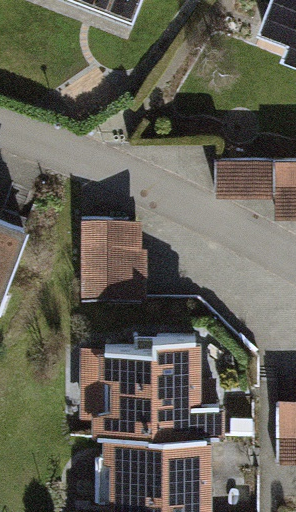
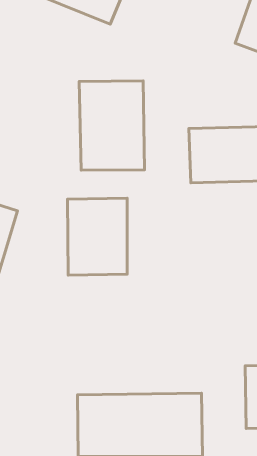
building: none -> [79,81,144,170]
building: [89,350,227,436] -> none

